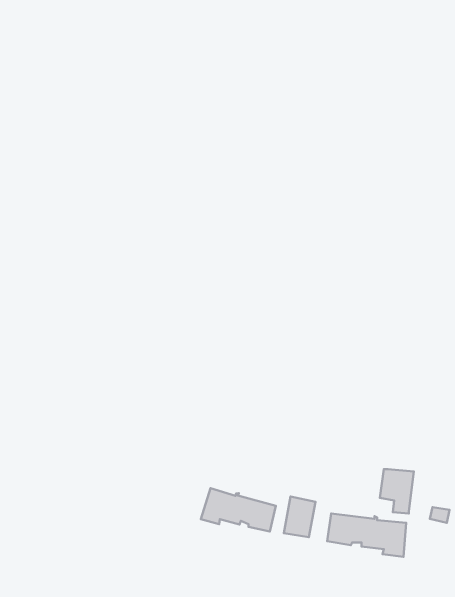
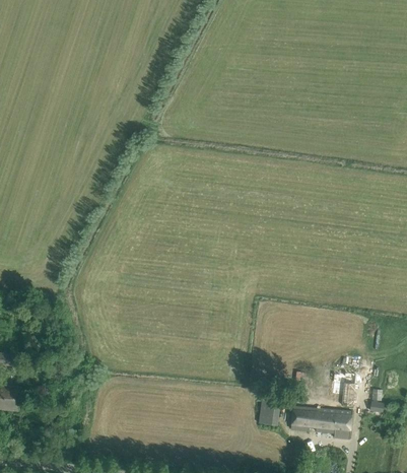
building: [201,488,276,532] -> none

